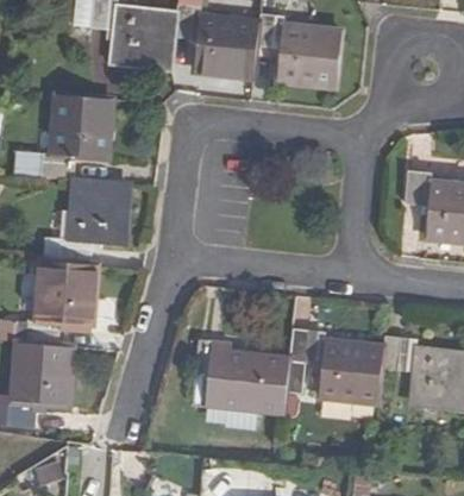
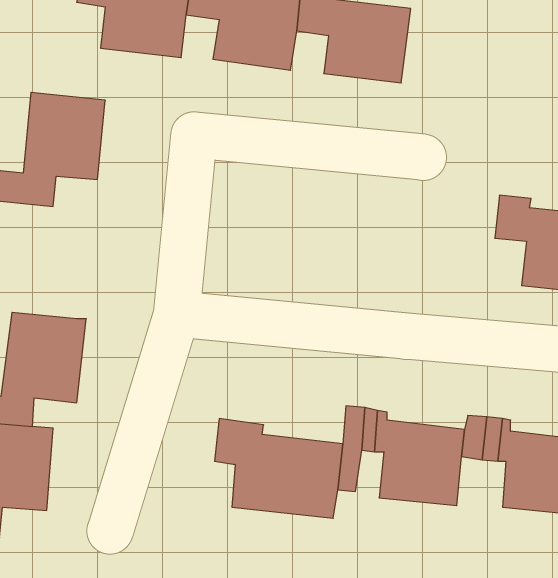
building: [42,180,131,264] -> none

